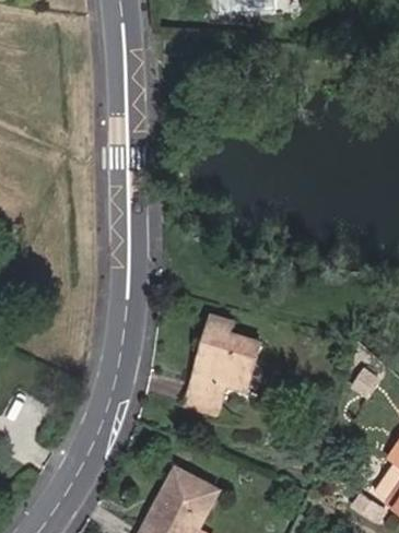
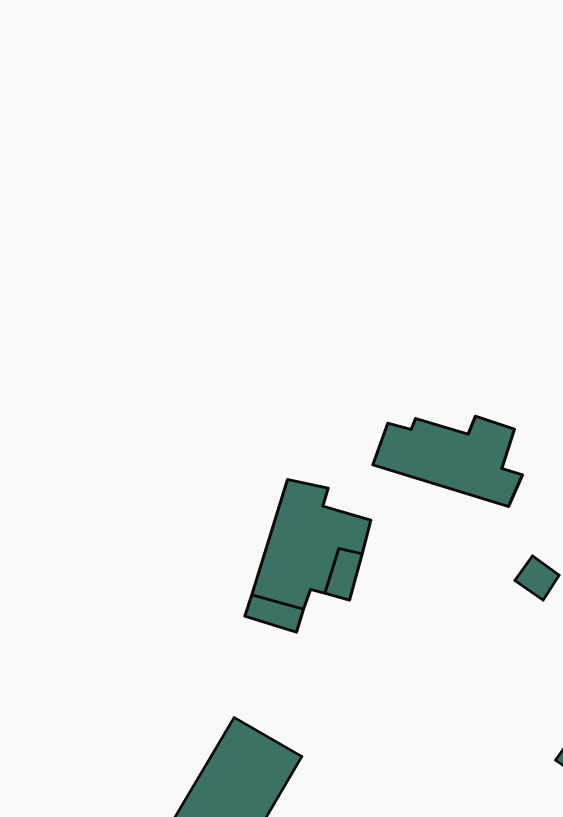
building: none -> [373,416,522,507]

